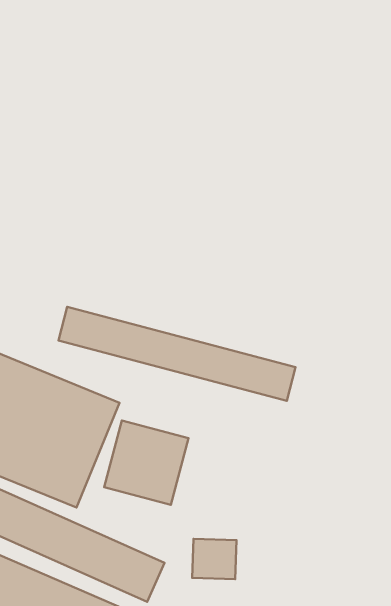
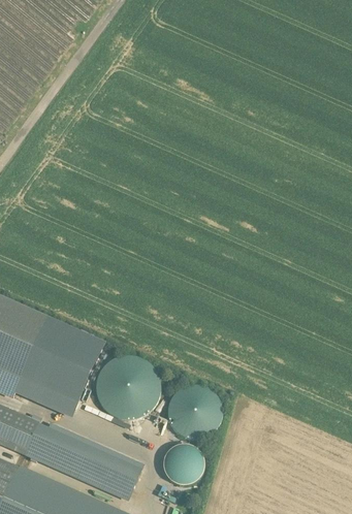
building: [59,307,296,401] -> none
building: none -> [164,381,222,439]

